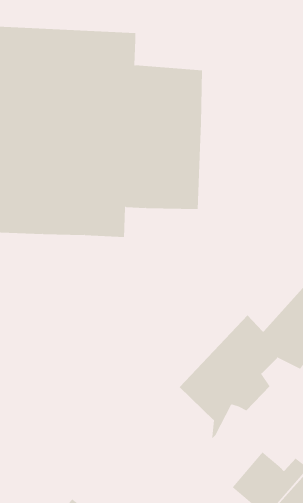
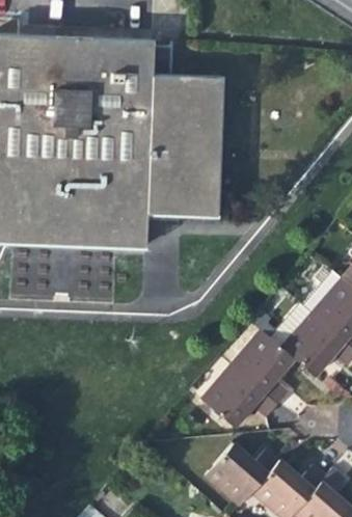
building: none -> [207,442,282,506]

